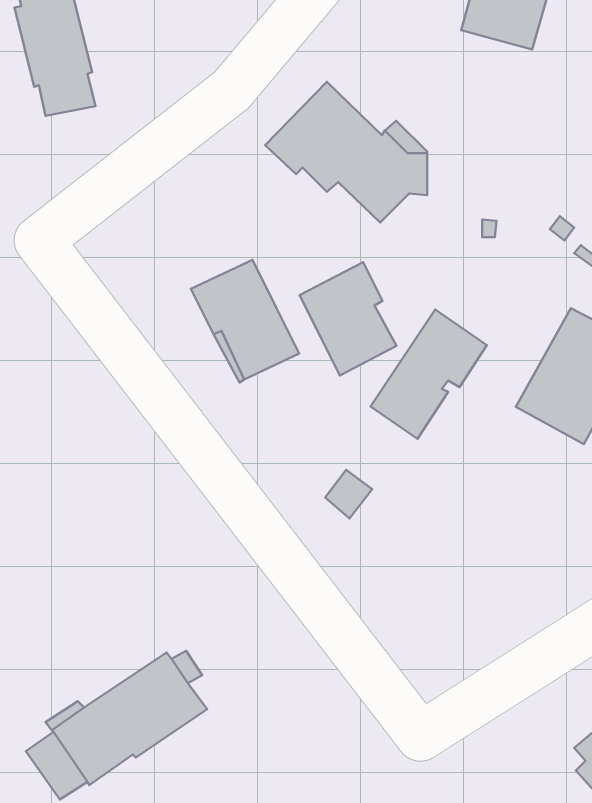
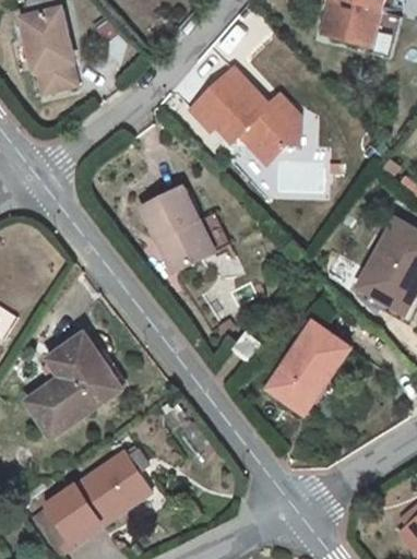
building: [300,262,396,375] -> none
building: [371,310,487,439] -> [270,323,348,411]
building: none -> [27,335,124,438]

